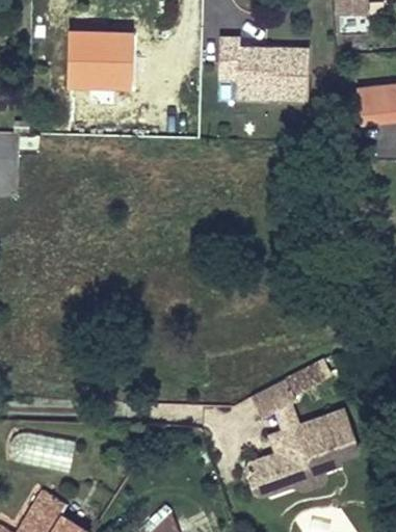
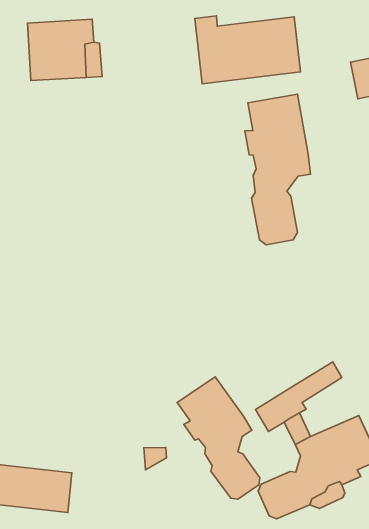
building: none -> [245,94,311,245]
building: none -> [177,377,260,499]

